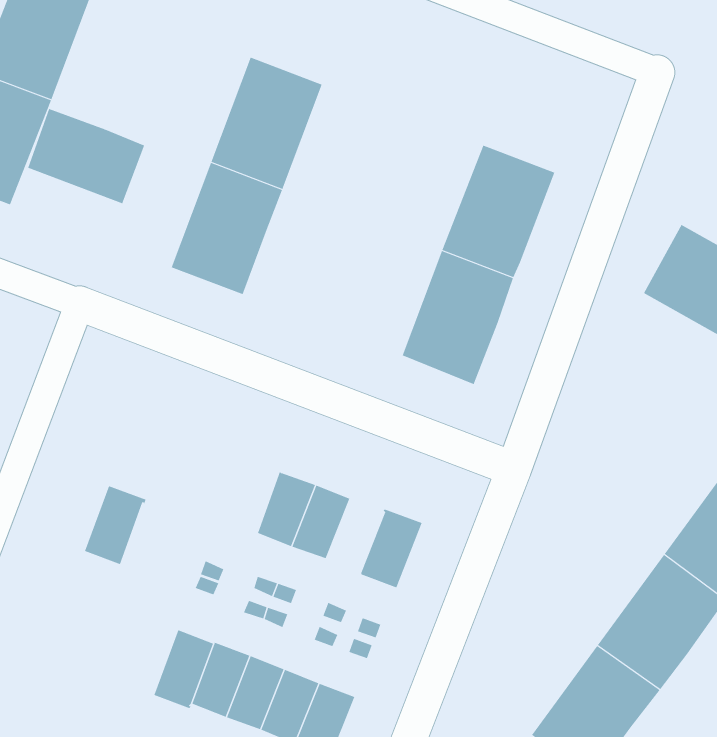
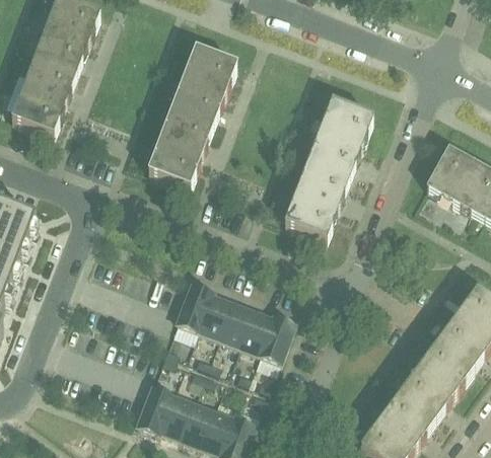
building: [28,108,145,204] -> none
building: [84,486,146,565] -> [176,281,212,327]
building: none -> [237,307,272,351]

